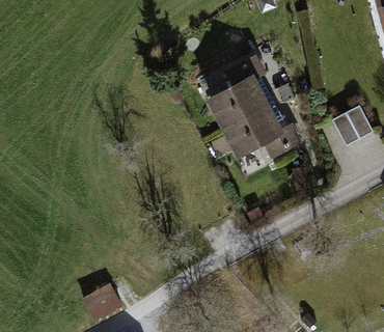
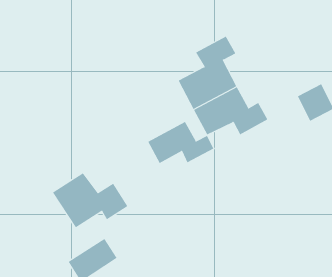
building: none -> [147,121,214,164]
building: none -> [52,172,128,228]

